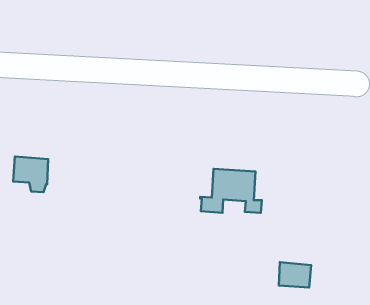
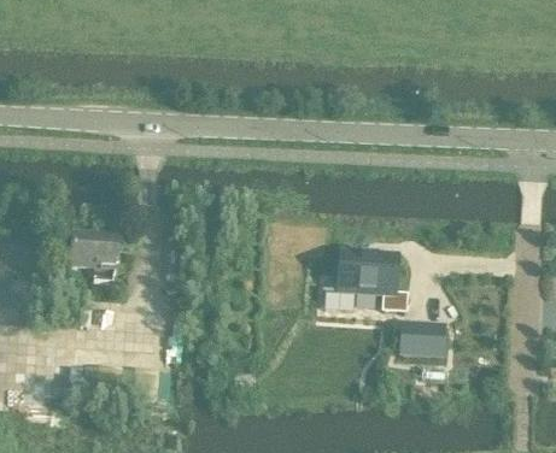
building: [279,262,311,287] -> [400,323,444,357]

